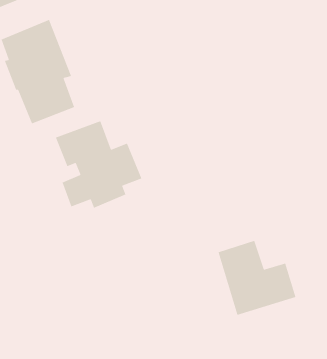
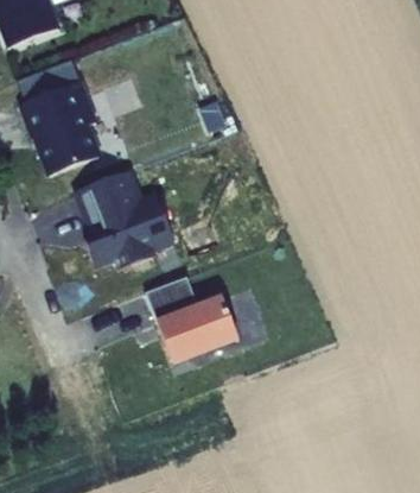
building: [218,240,297,316] -> [148,274,236,359]

